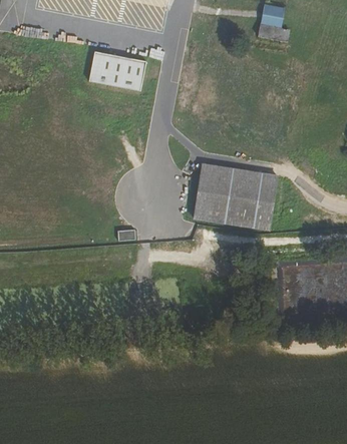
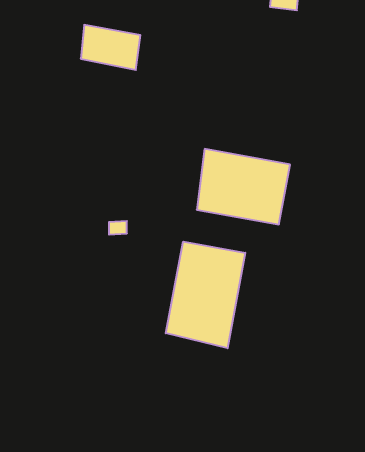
building: none -> [166,242,245,348]

